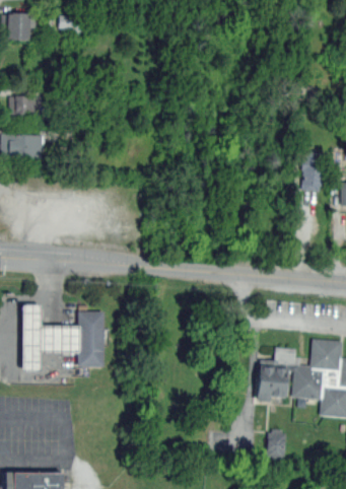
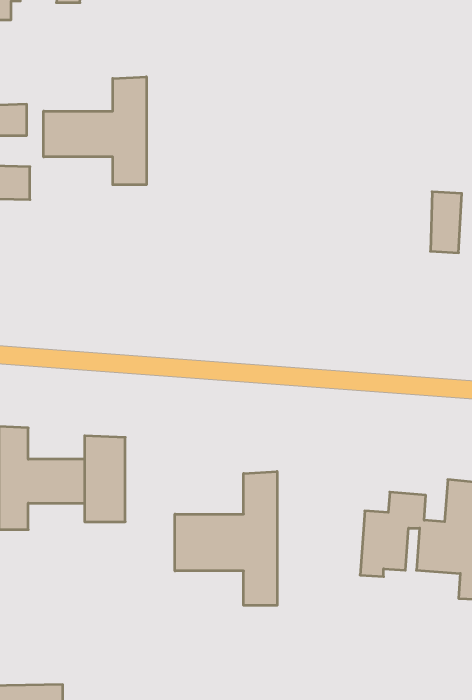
building: none -> [44,77,146,185]
building: none -> [175,471,277,605]
building: [267,430,285,459] -> none

